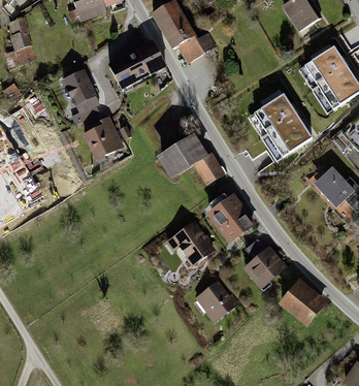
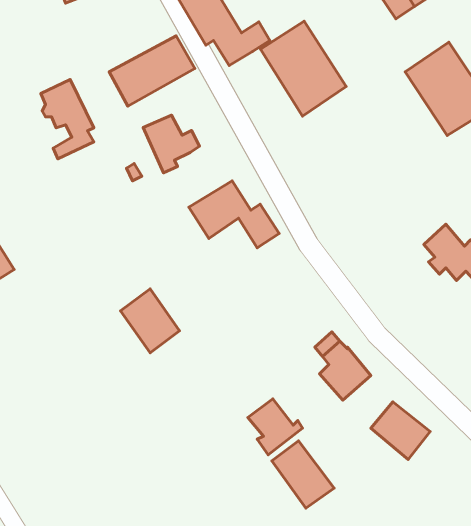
building: [254,94,311,157] -> [261,21,346,116]
building: [84,125,121,163] -> [143,115,199,173]
building: [208,193,251,239] -> none
building: [172,222,211,264] -> [120,289,180,353]
building: none -> [272,441,334,508]

